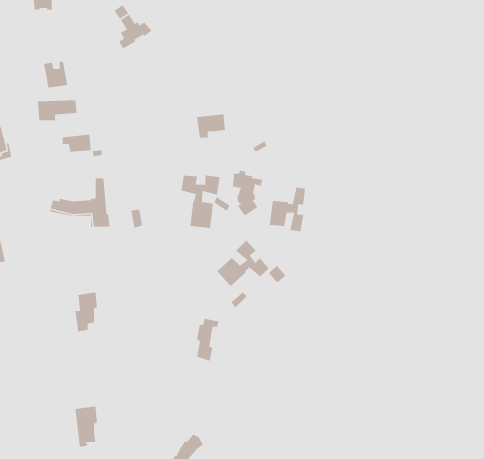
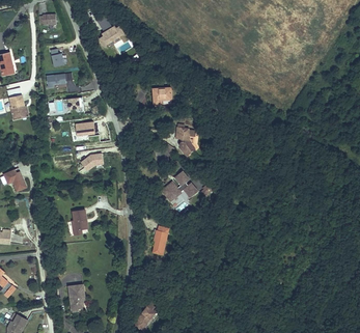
building: [181,174,221,229] -> none
building: [269,187,306,232] -> none

